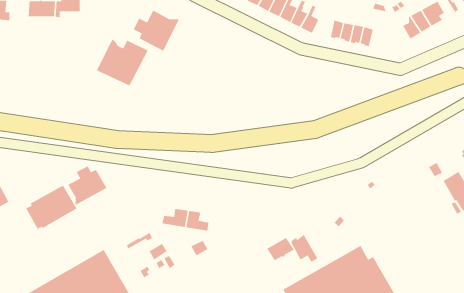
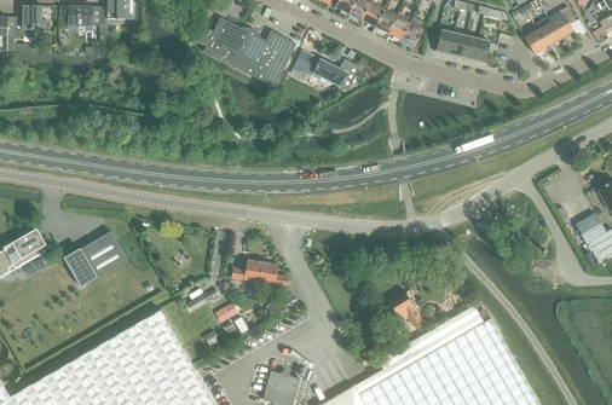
building: [96,39,149,86] -> [233,30,298,88]
building: none -> [290,56,359,92]
building: [68,165,107,206] -> none
building: [267,237,295,261] -> none

